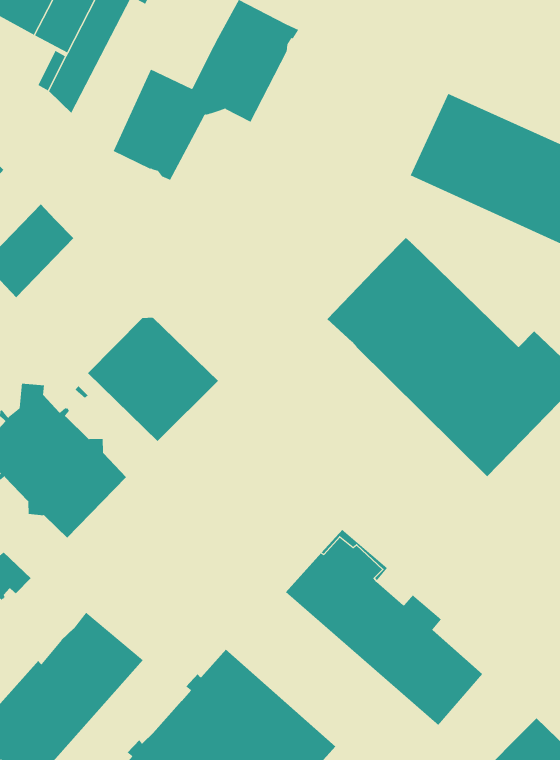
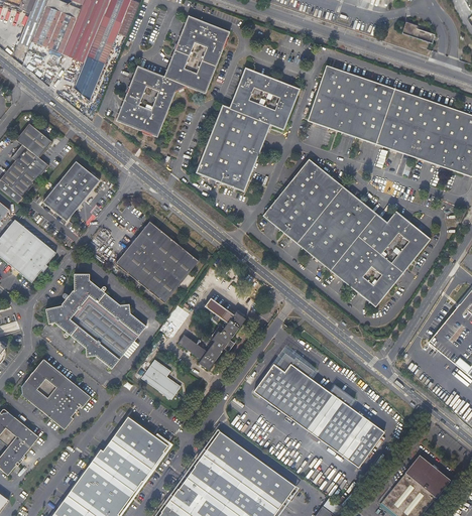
building: none -> [196,69,298,191]
building: none -> [179,297,245,369]
building: none -> [141,359,181,399]

